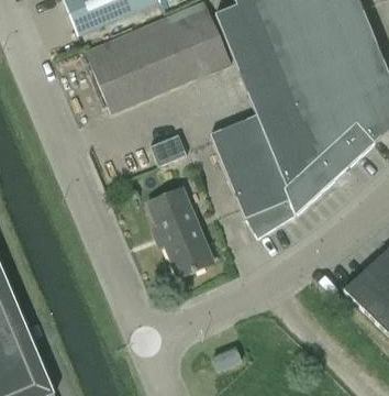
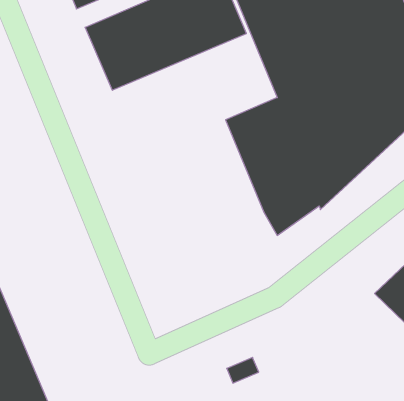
building: [149,133,186,166] -> none
building: [147,187,213,276] -> none

